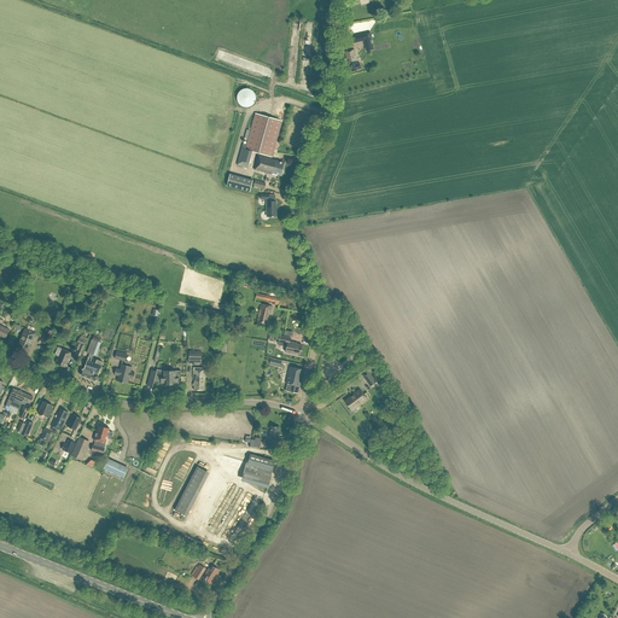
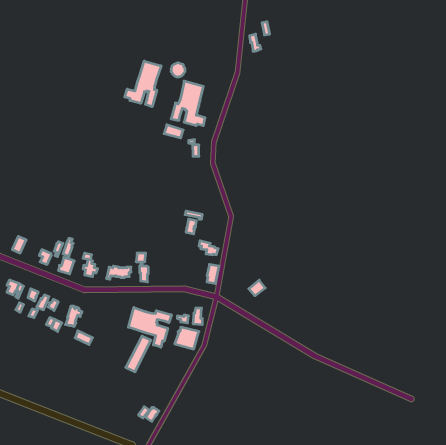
building: none -> [125,61,161,107]
building: none -> [128,307,171,347]

